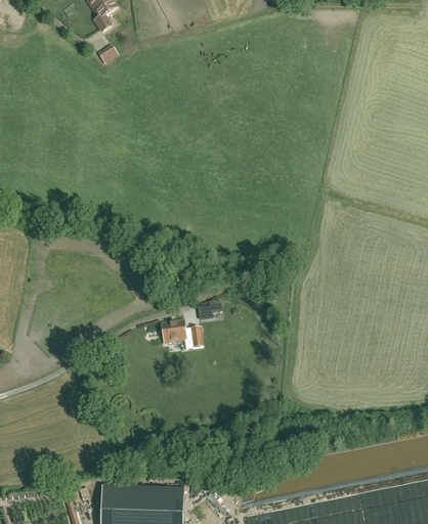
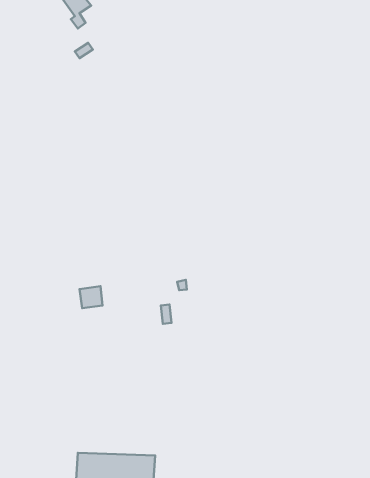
building: [161,320,185,344] -> [79,286,102,308]

